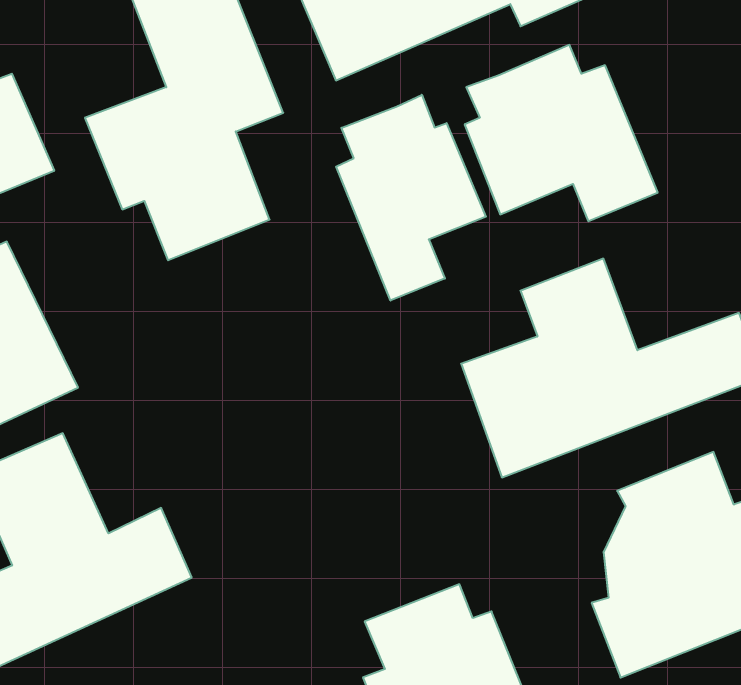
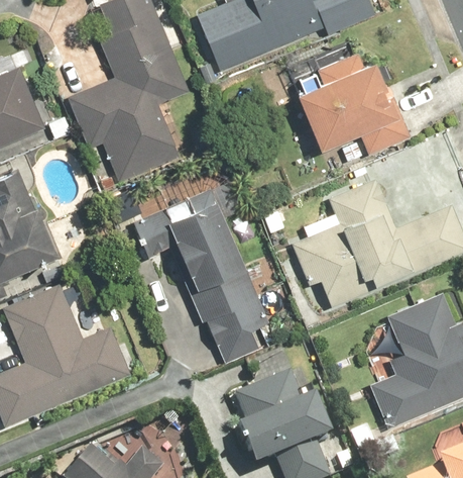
building: [336,95,486,301] -> none
building: none -> [130,192,268,367]

